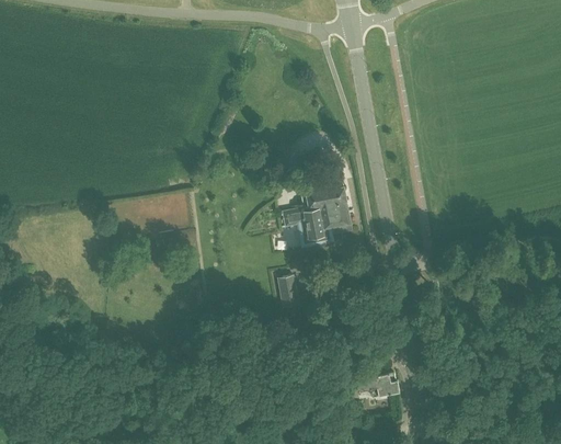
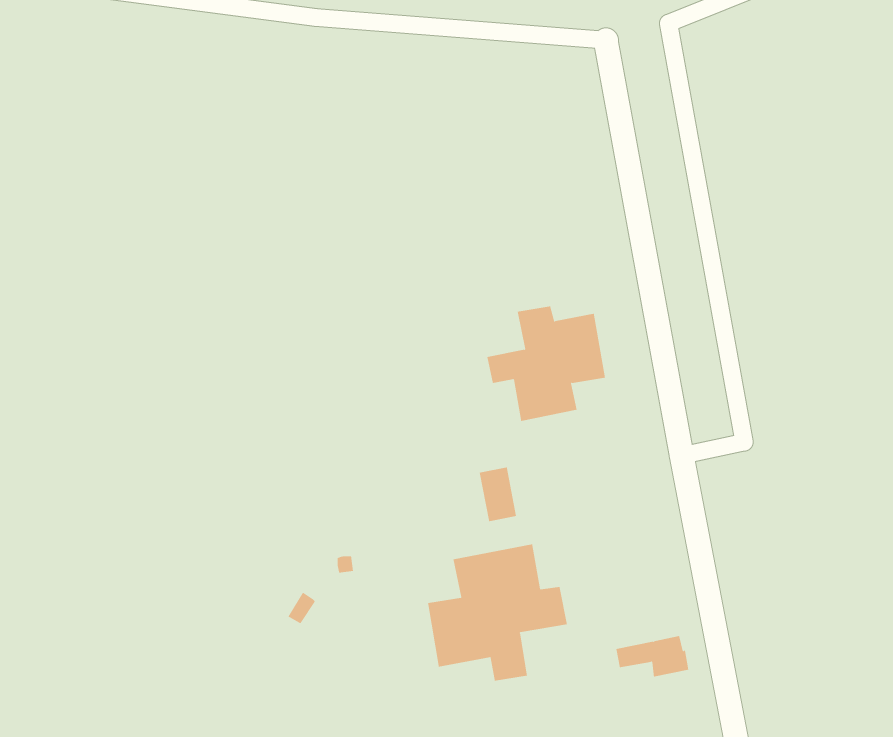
building: none -> [428,543,568,681]

